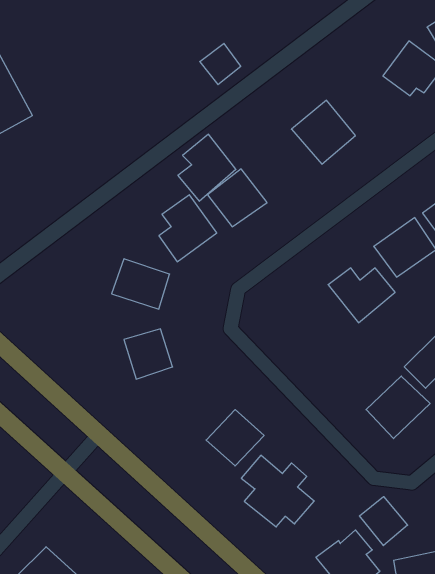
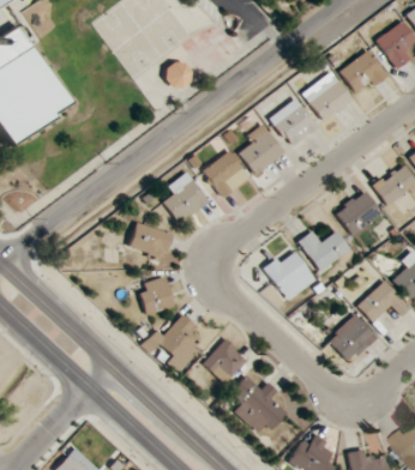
building: [200,43,241,85] -> [161,58,193,90]
building: none -> [302,71,354,120]
building: [178,134,236,201] -> [240,122,285,175]
building: none -> [261,245,317,301]
building: none -> [140,314,202,373]
building: [359,497,408,546] -> none

